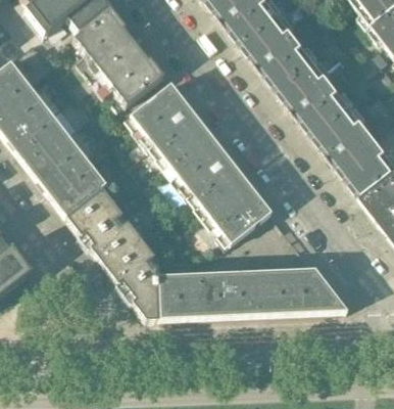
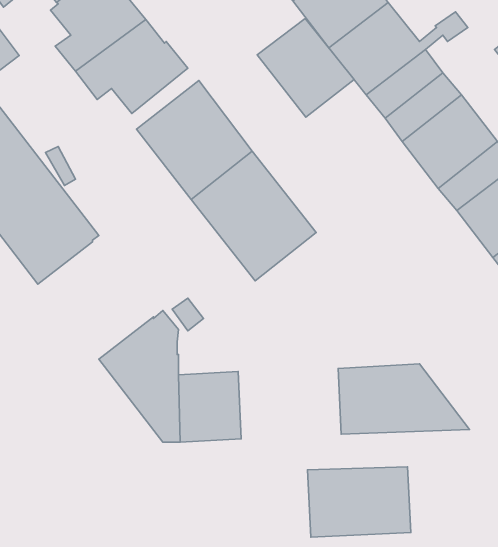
building: none -> [257,18,354,117]
building: [205,181,269,243] -> none
building: [63,186,153,264] -> none
building: [194,270,261,316] -> [308,467,411,537]

